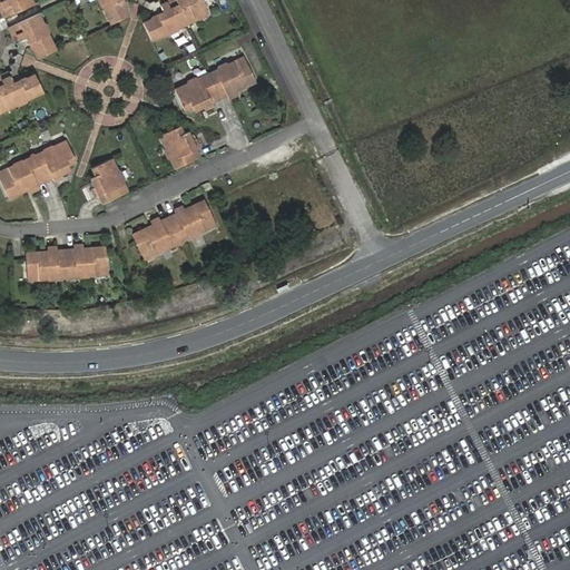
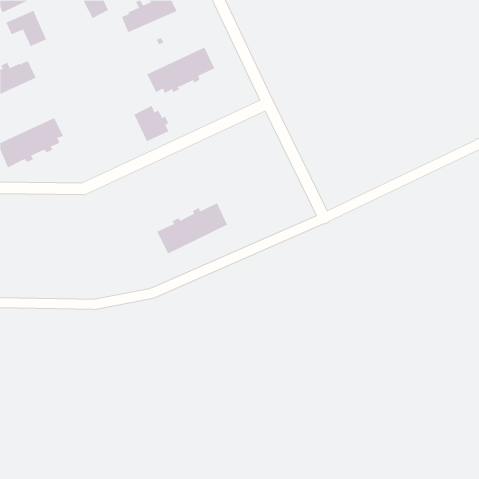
building: [89,158,128,204] -> none
building: [131,199,216,261] -> [156,202,228,254]
building: [24,244,107,282] -> none

